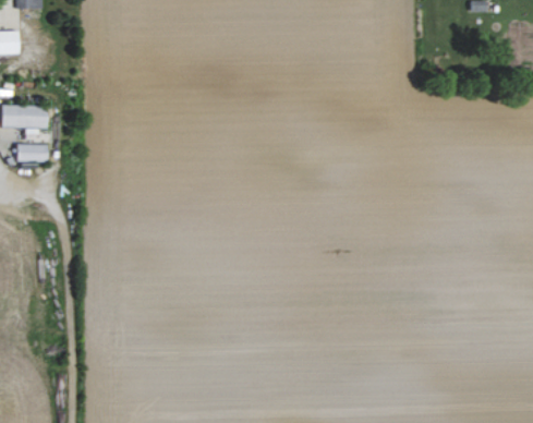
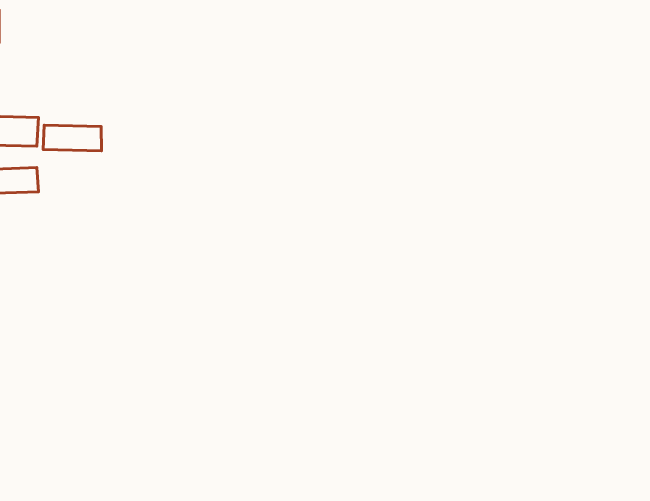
building: none -> [43,125,101,151]

